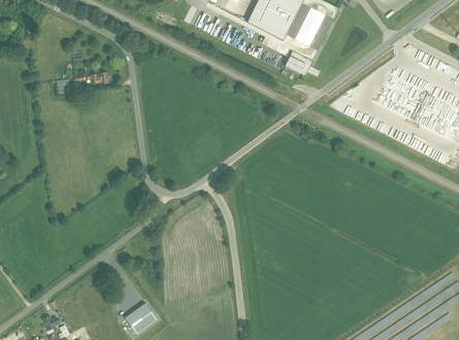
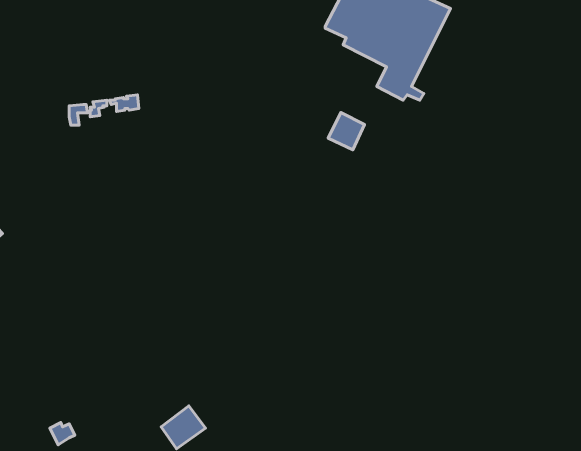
building: none -> [328,112,364,150]

